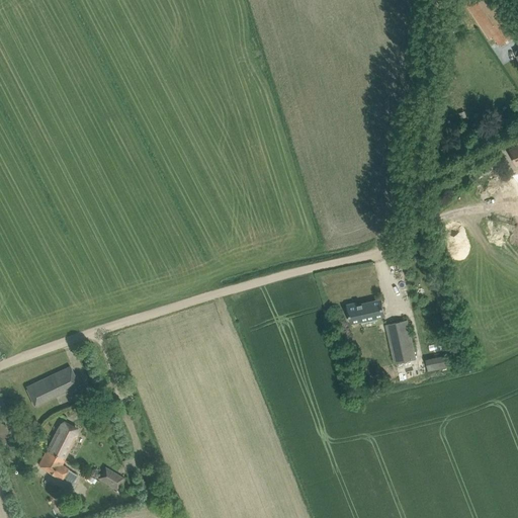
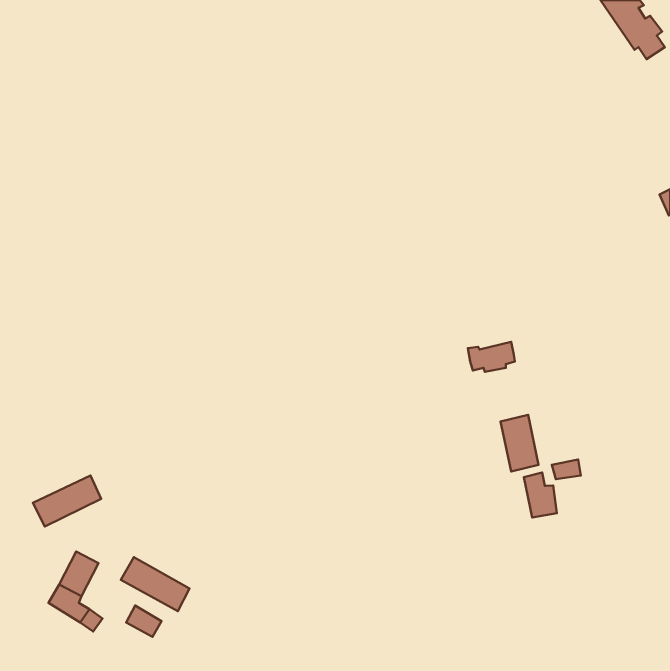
building: [347,299,383,323] -> [468,342,515,372]
building: none -> [524,472,557,518]
building: none -> [121,557,190,611]

